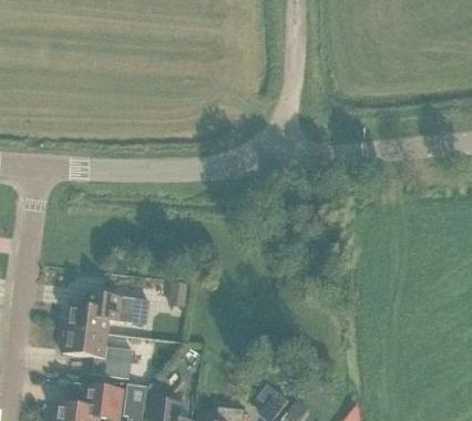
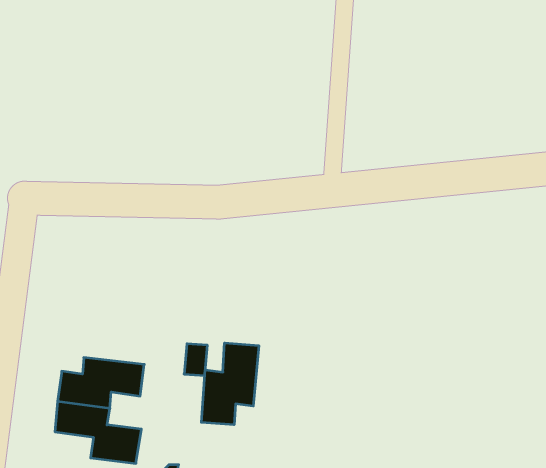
building: none -> [201,343,259,425]

